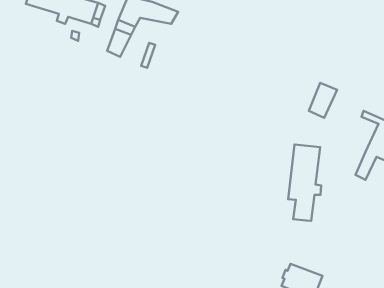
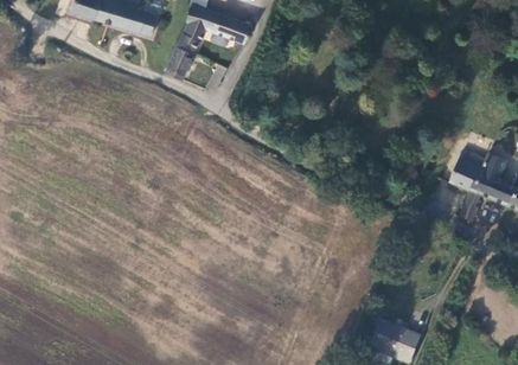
building: [309,83,337,118] -> [455,148,488,190]
building: [288,145,321,221] -> none

